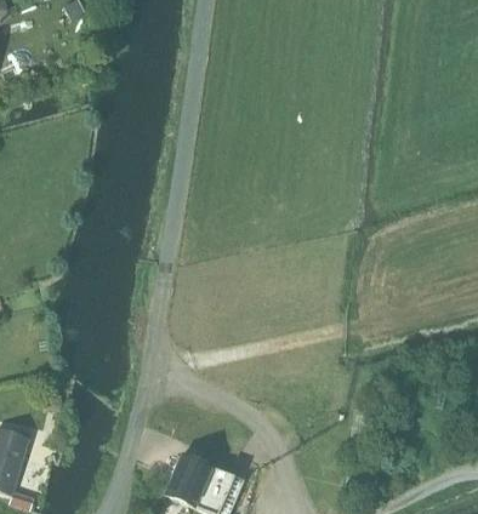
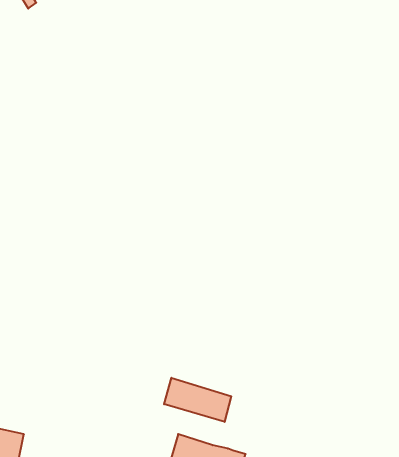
building: none -> [164,378,231,422]

